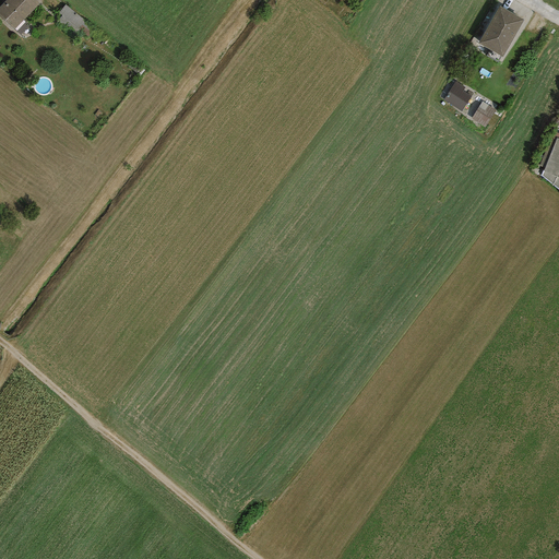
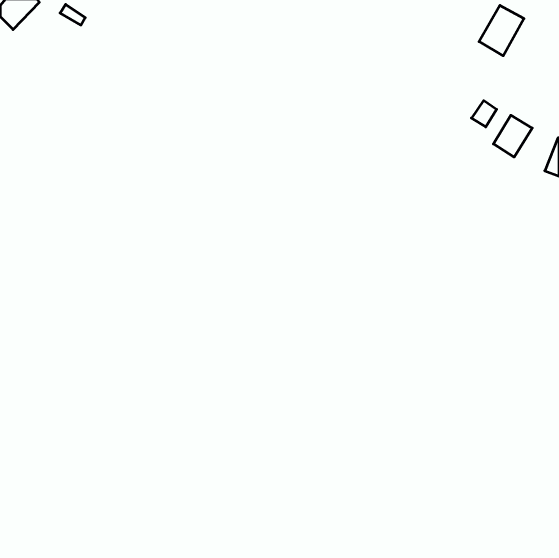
building: [443,81,473,111] -> none
building: none -> [493,115,532,157]

